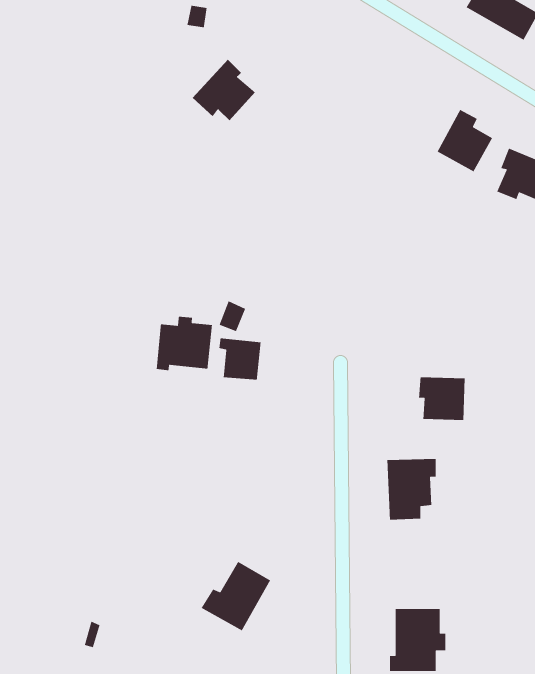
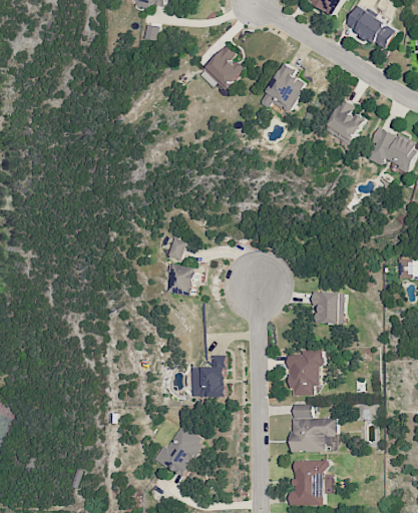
building: none -> [261,62,306,112]
building: [192,59,256,121] -> [199,45,246,90]
building: [156,316,213,371] -> none
building: none -> [189,355,227,397]
building: none -> [291,405,339,452]

